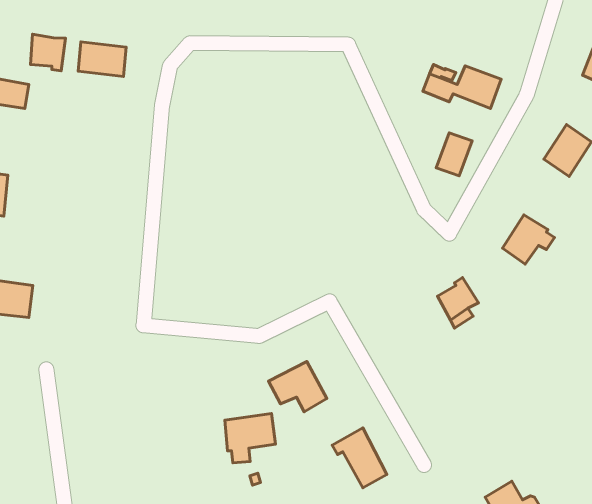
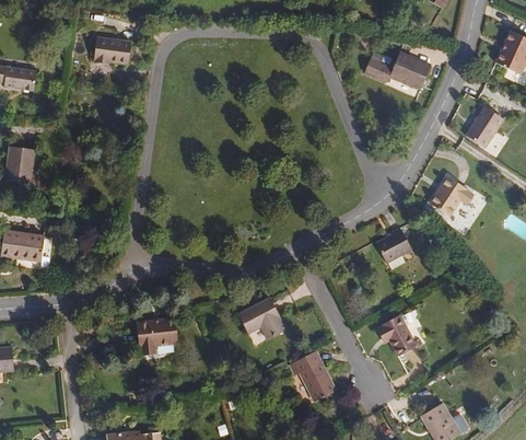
building: [30,34,65,71] -> none
building: [436,133,472,176] -> none
building: none -> [377,315,418,356]
building: [225,414,276,463] -> [137,315,178,356]

